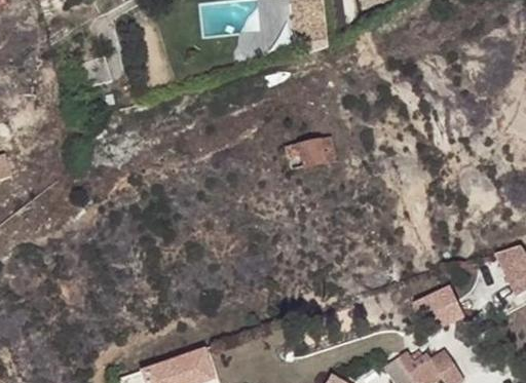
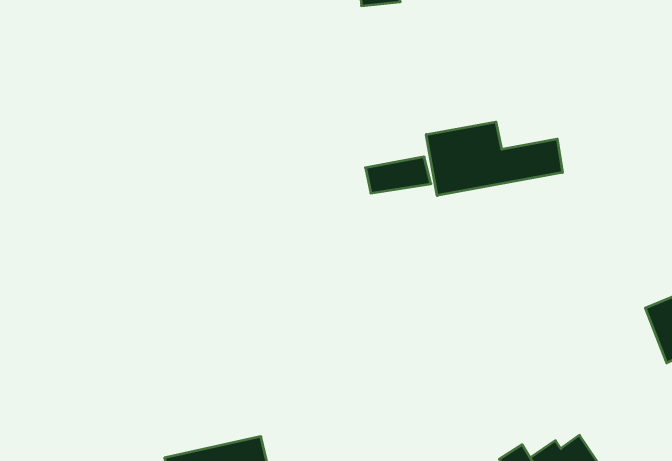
building: none -> [426,122,562,196]
building: [420,283,463,328] -> none

